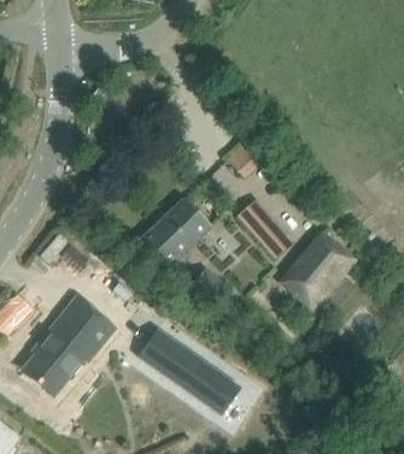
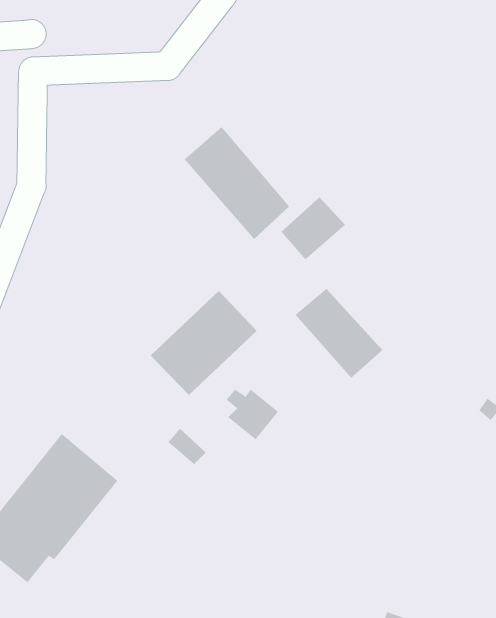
building: none -> [184,126,290,240]
building: [277,229,358,313] -> none
building: [139,331,240,415] -> none

